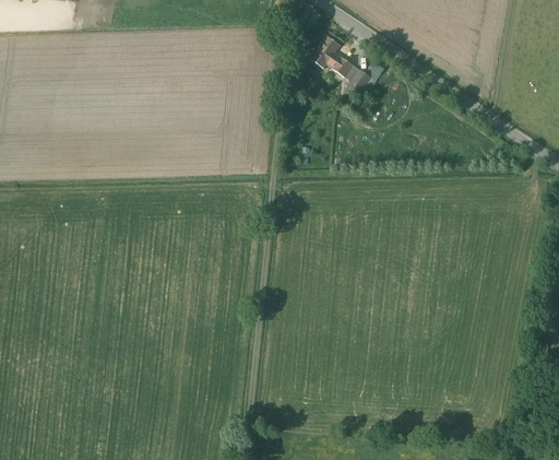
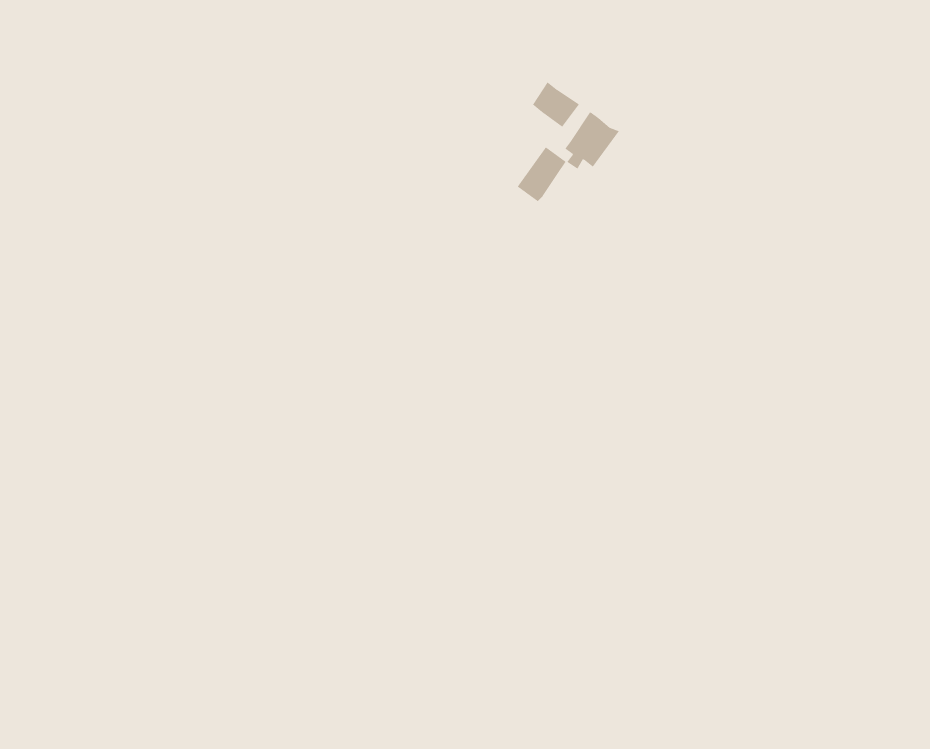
building: [310,34,338,66] -> [517,147,566,202]

